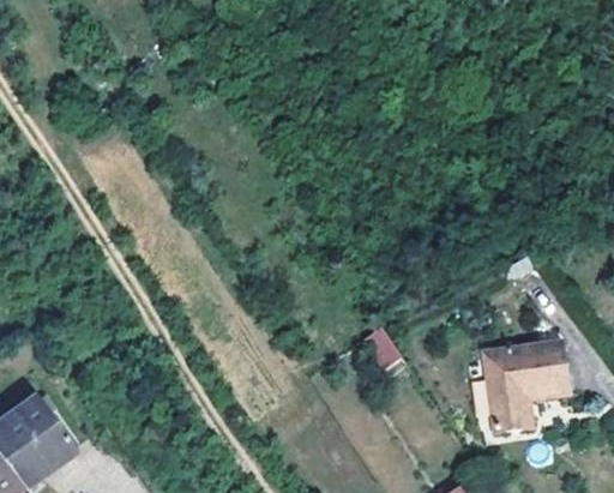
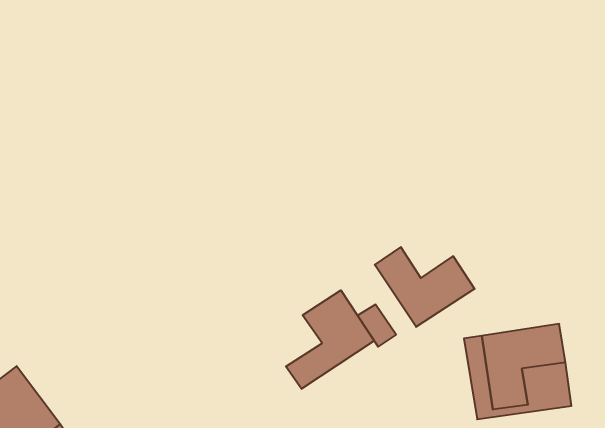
building: none -> [375,247,475,327]
building: none -> [286,290,374,389]

